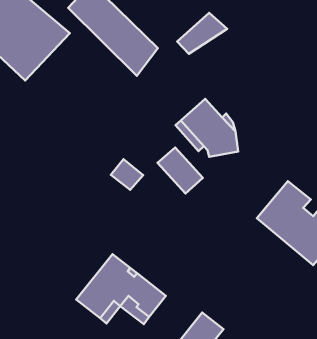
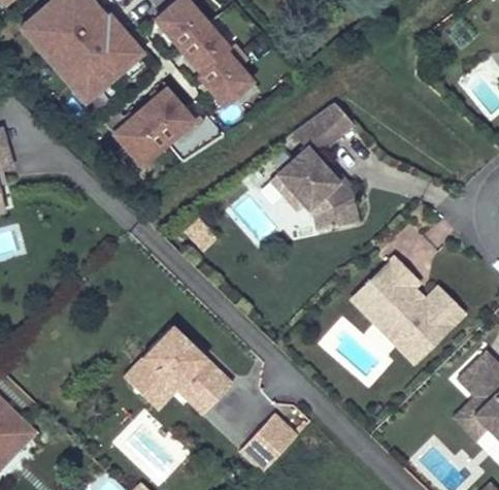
building: [177,13,227,54] -> [292,100,354,148]
building: none -> [113,87,200,169]
building: [158,147,203,193] -> none

